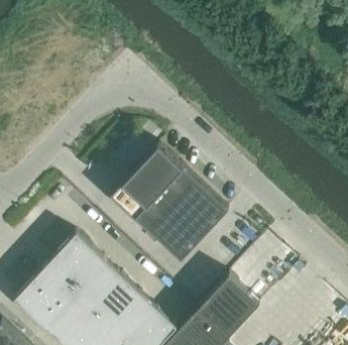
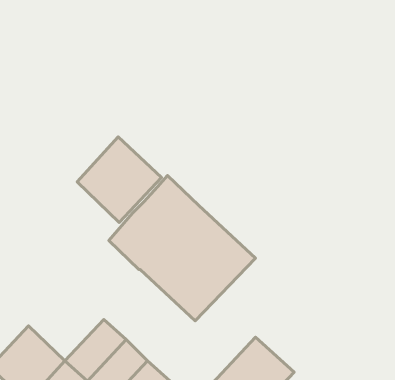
building: none -> [77,137,162,223]
building: [45,232,106,294] -> none

